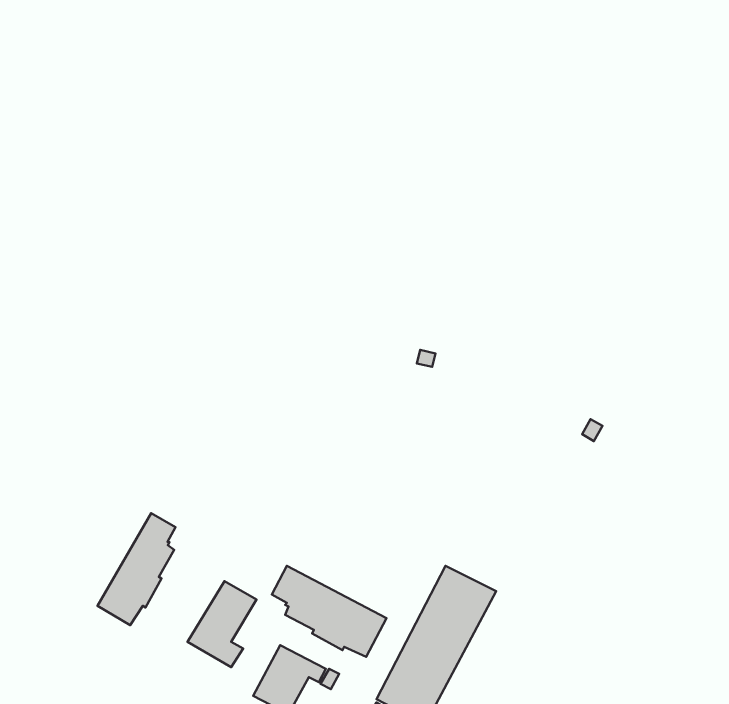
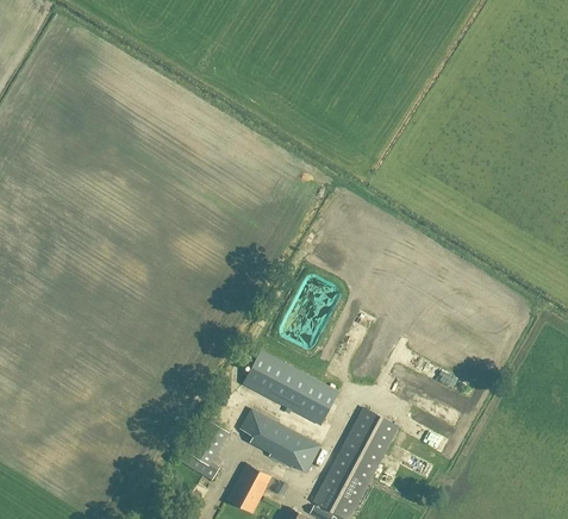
building: none -> [243,349,339,426]
building: [97,513,176,625] -> none

